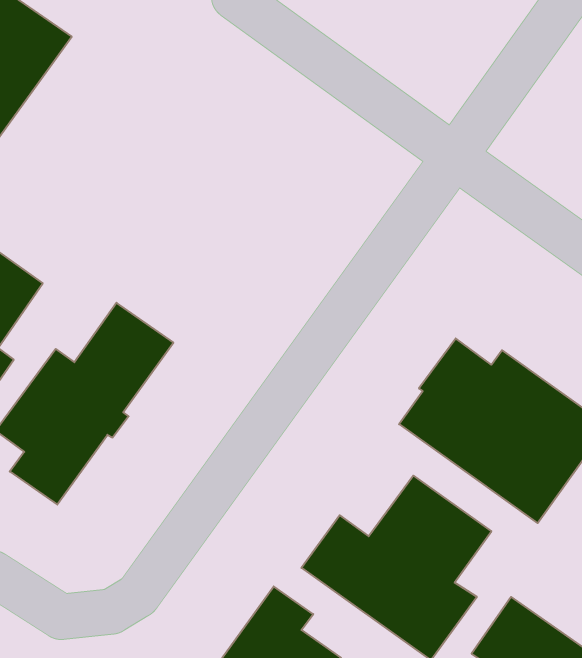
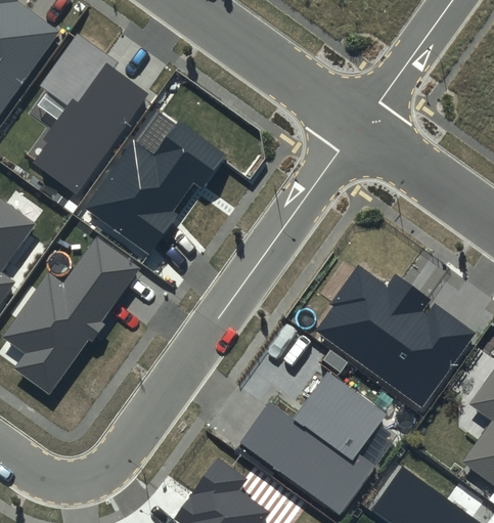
building: none -> [32,34,148,194]
building: none -> [86,120,227,254]

